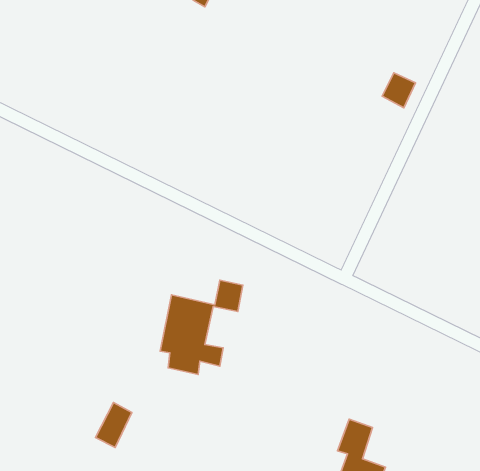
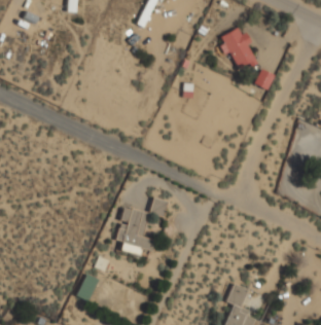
building: none -> [222,31,251,66]

